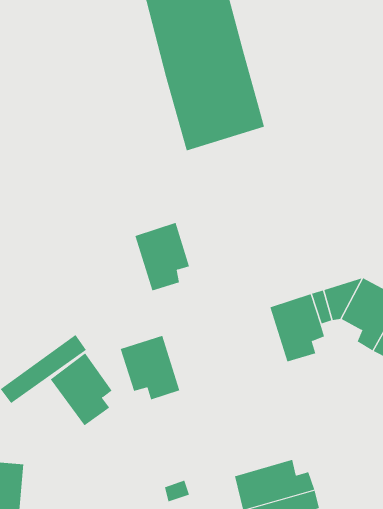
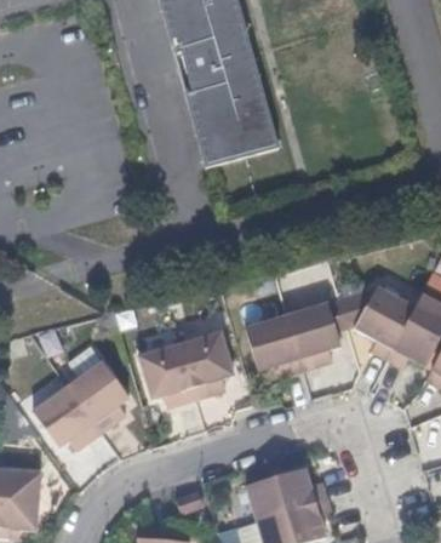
building: [135,222,190,291] -> [179,330,234,398]
building: none -> [245,315,302,379]
building: none -> [33,387,102,451]

